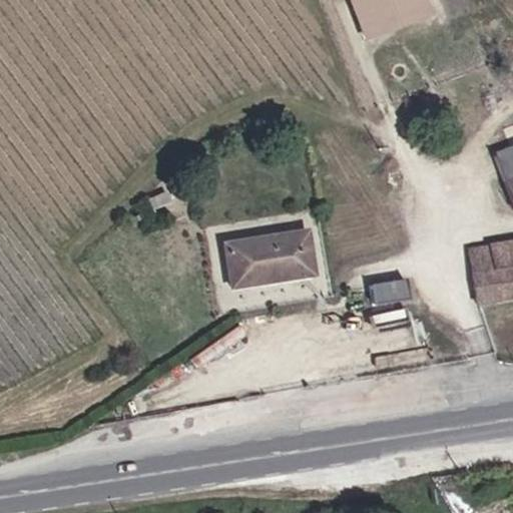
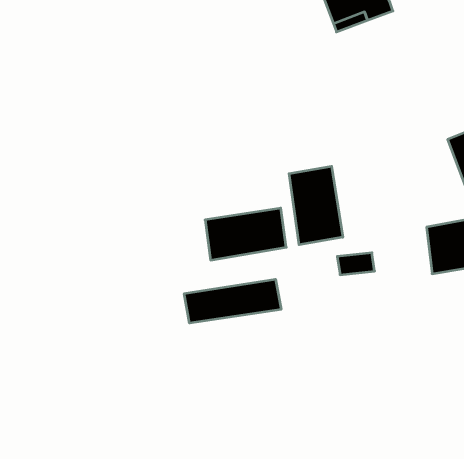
building: none -> [289,166,343,245]
building: none -> [184,279,281,323]

